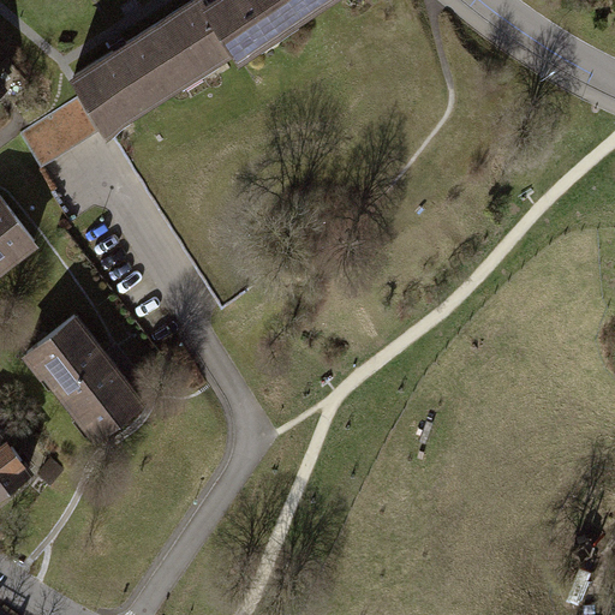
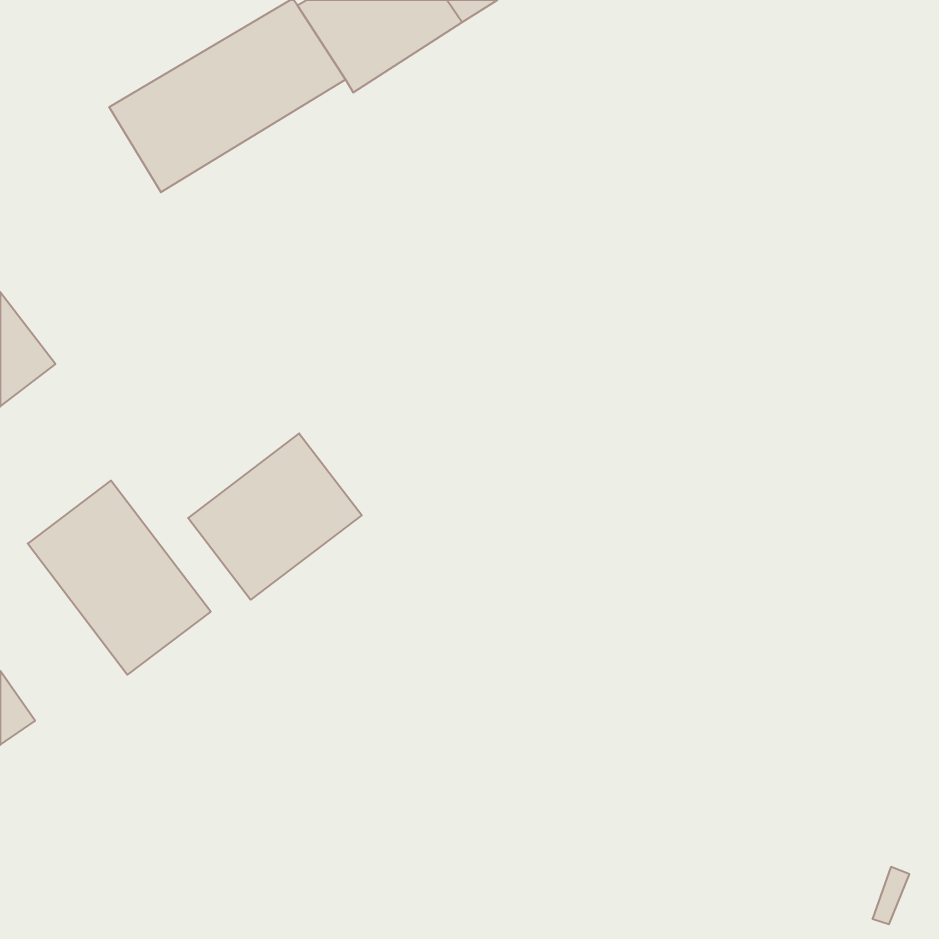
building: [20,97,100,166] -> none
building: none -> [188,433,362,600]

